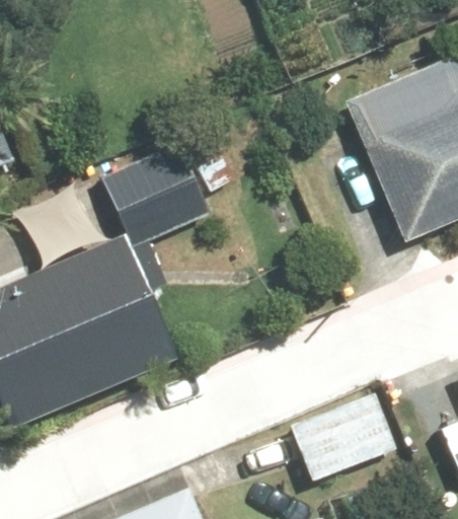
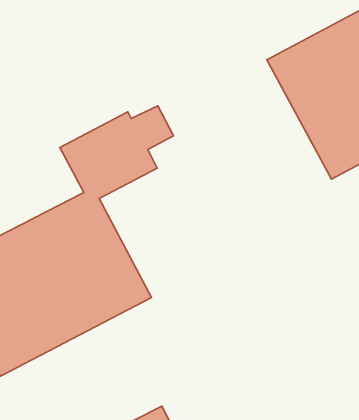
building: [286,385,400,490] -> none

